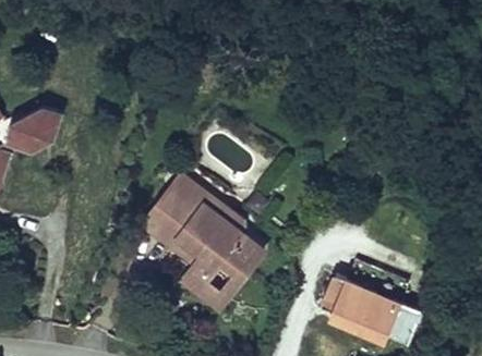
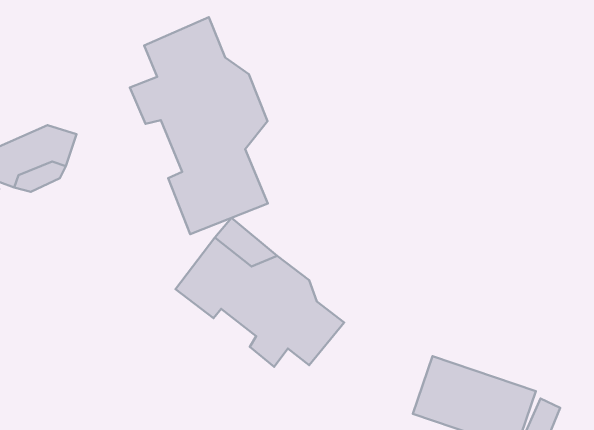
building: none -> [130,17,268,234]
building: [181,268,237,310] -> none

